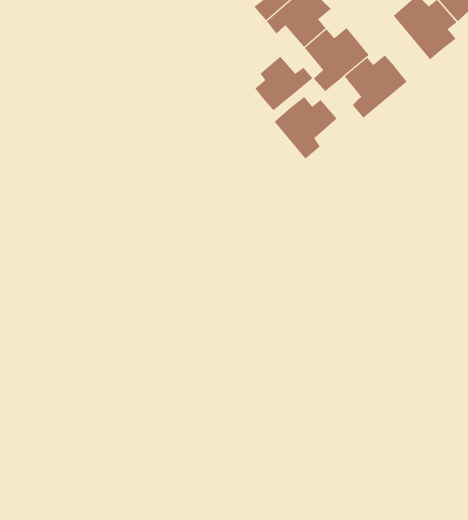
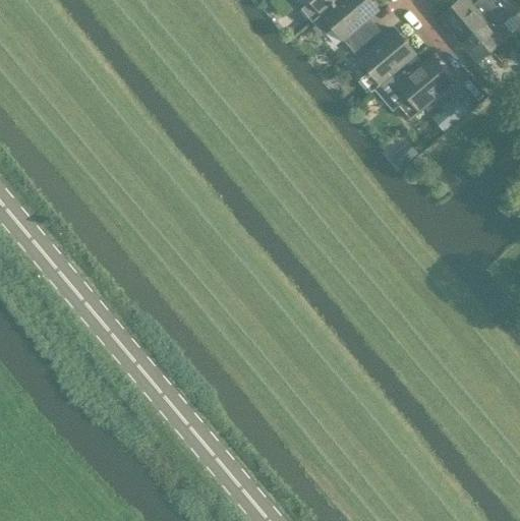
building: [255,56,313,111] -> none
building: [274,96,338,159] -> none

